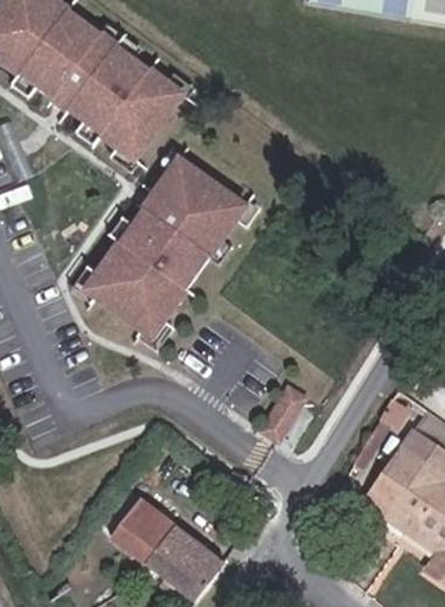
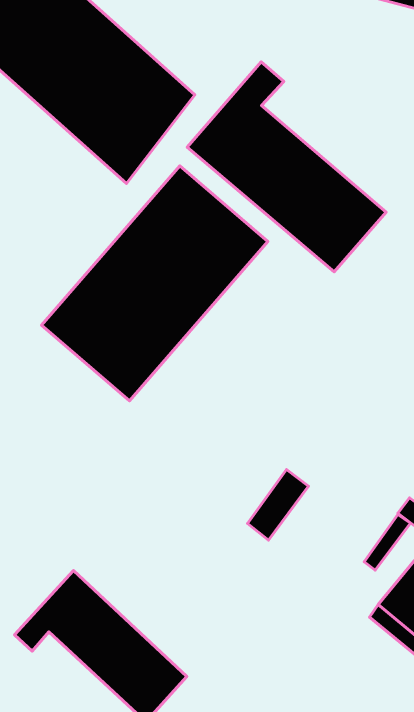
building: none -> [187,62,386,272]

